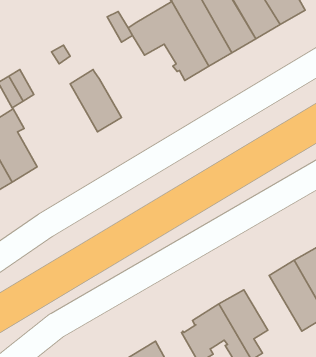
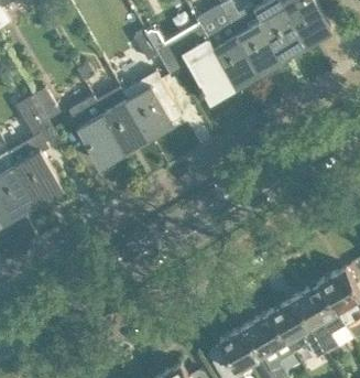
building: none -> [119,69,174,137]
building: none -> [69,97,122,164]
building: none -> [270,295,328,358]

